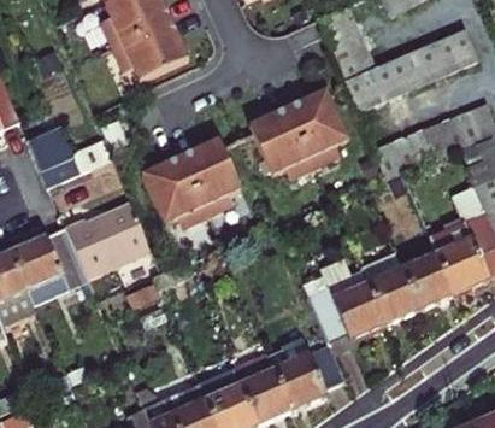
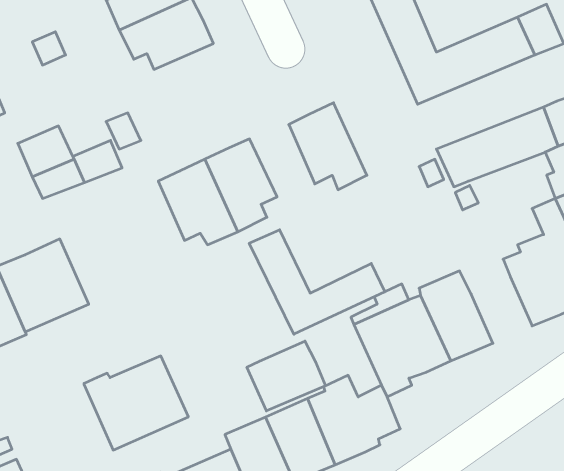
building: [289,92,350,169] -> none
building: [61,198,148,276] -> [84,356,188,450]
building: none -> [249,230,385,334]
building: [403,253,454,309] -> none
building: none -> [247,341,325,411]

